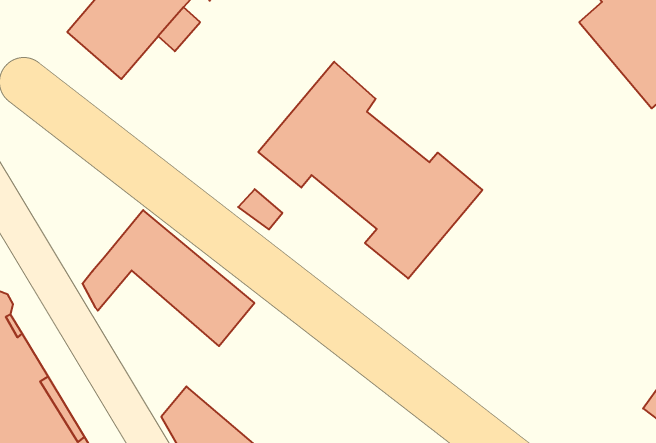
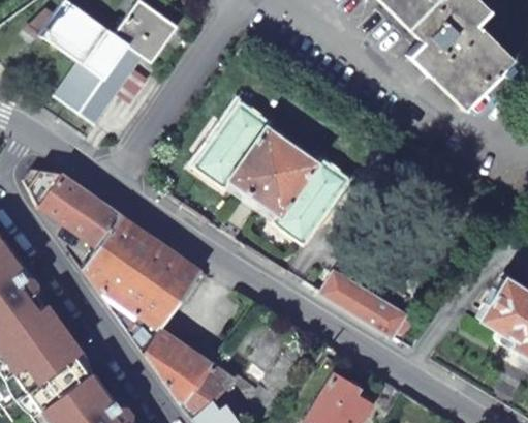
building: none -> [25,170,120,248]
building: none -> [95,255,181,355]
building: none -> [322,270,405,334]

